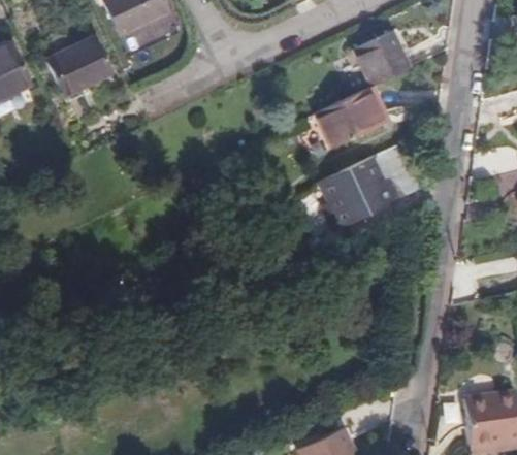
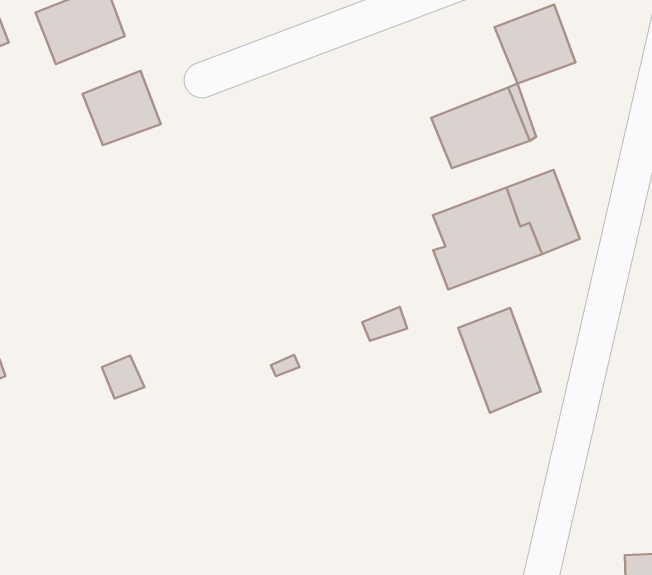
building: none -> [82,71,161,145]
building: none -> [458,308,541,413]

